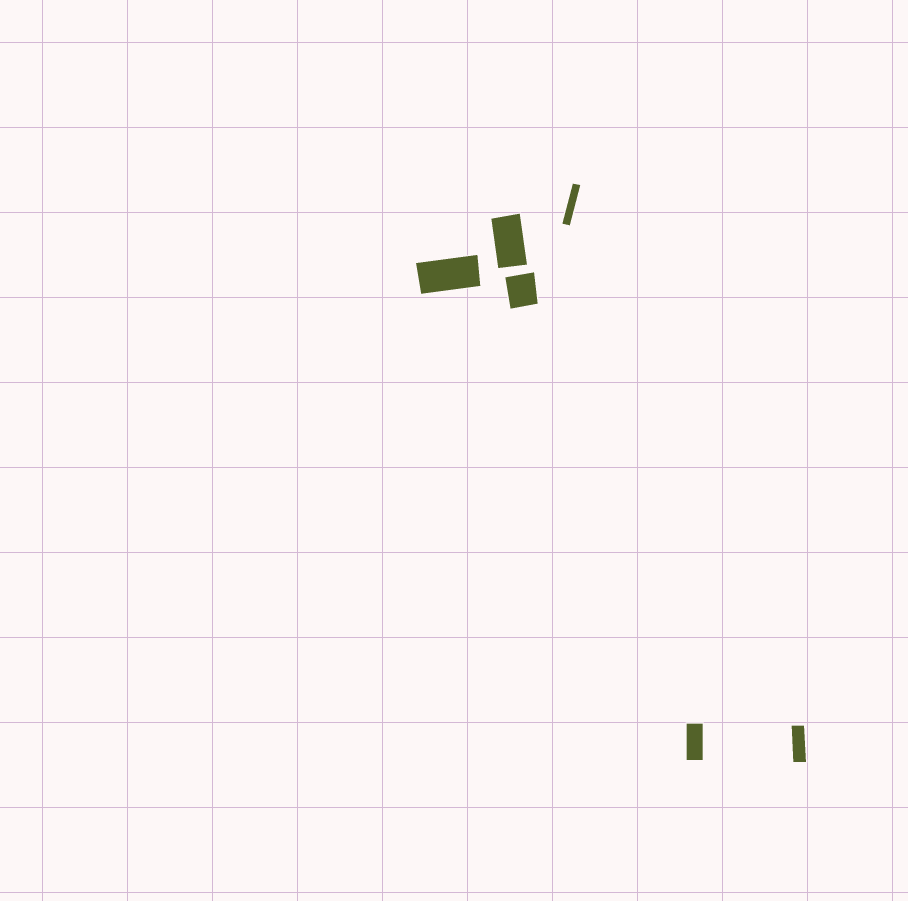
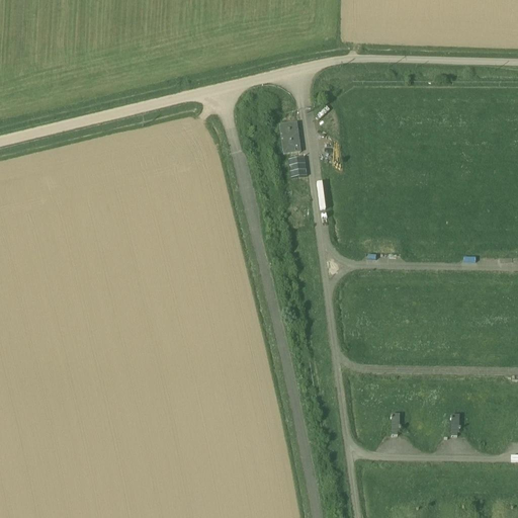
building: [416,254,481,294] -> none

